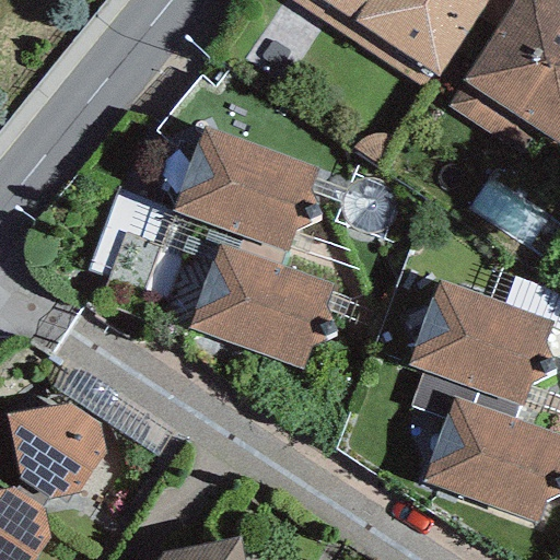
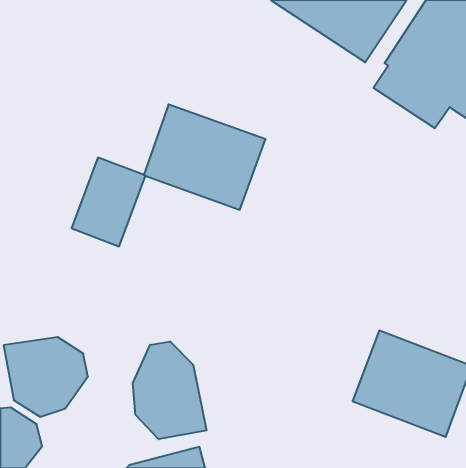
building: [189,243,334,368] -> none
building: [409,280,552,402] -> none
building: none -> [133,341,207,439]

